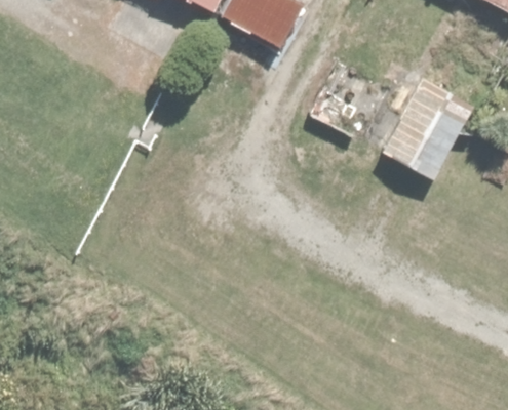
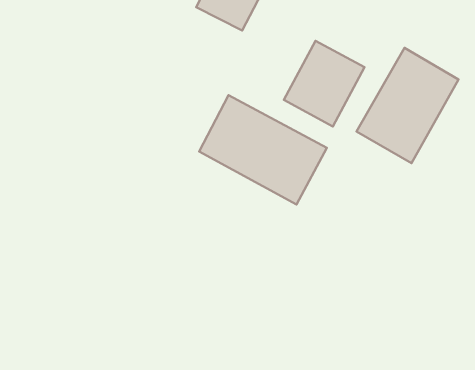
building: none -> [199,95,327,204]

